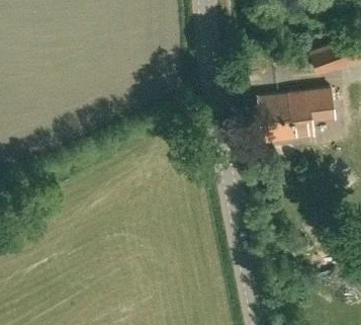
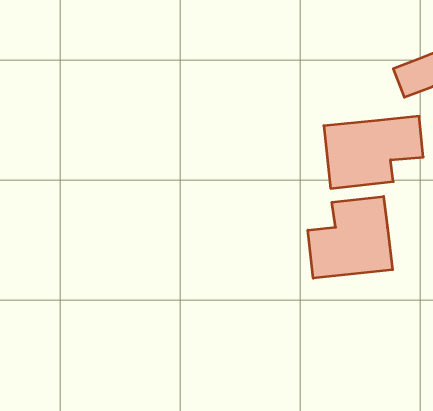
building: none -> [308,196,393,278]

